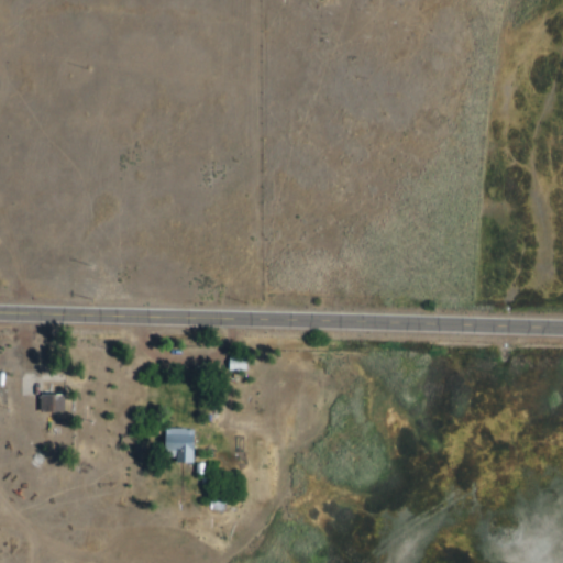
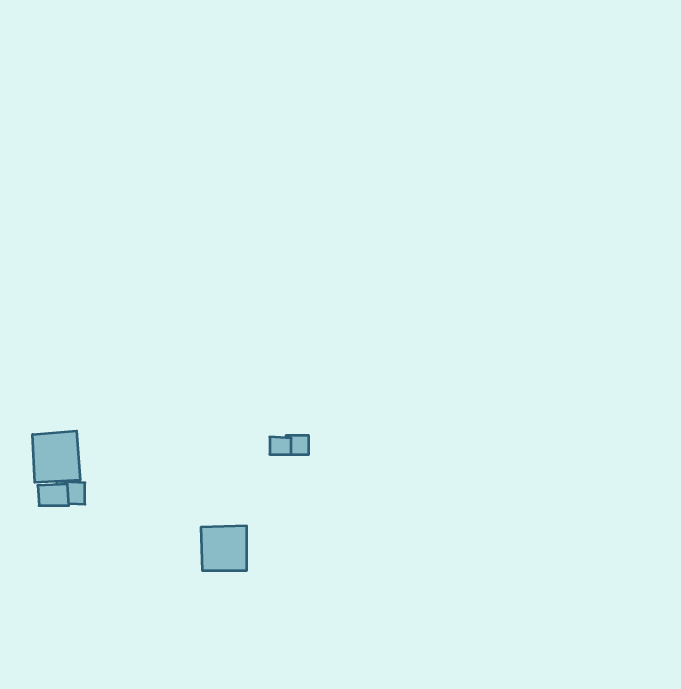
building: none -> [33,431,80,482]

